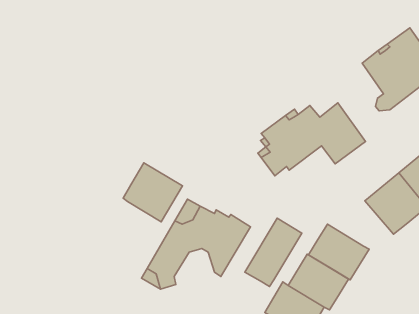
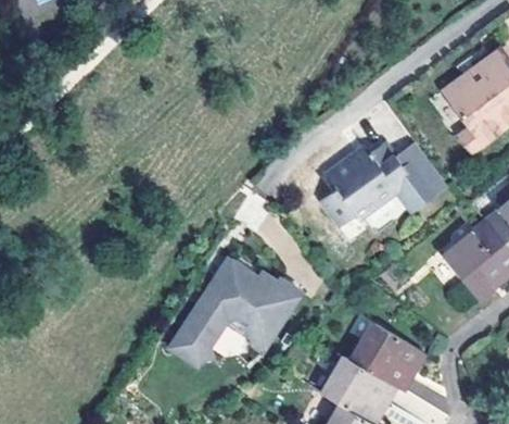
building: [123,163,183,222] -> none
building: [245,218,302,286] -> none
building: [308,224,369,280] -> none

